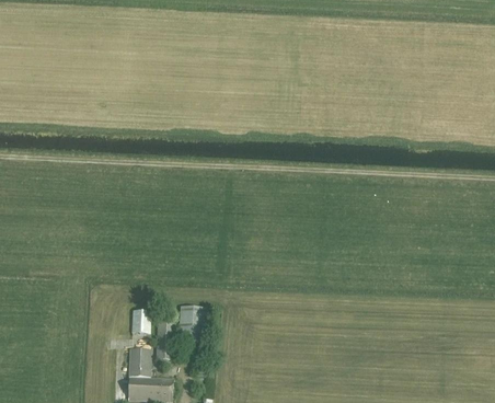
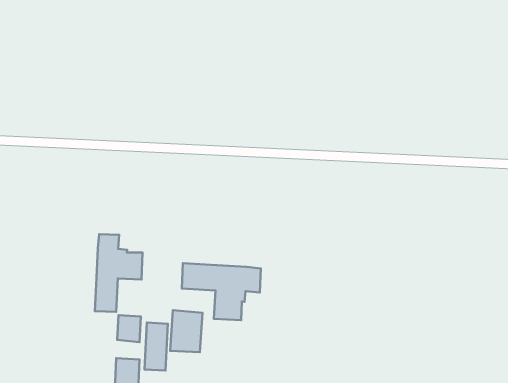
building: none -> [95,234,143,312]
building: none -> [182,263,261,320]

